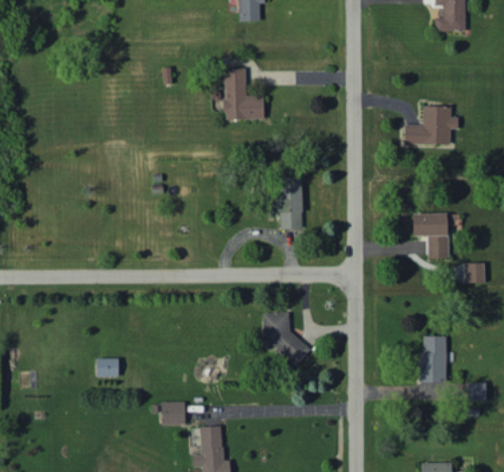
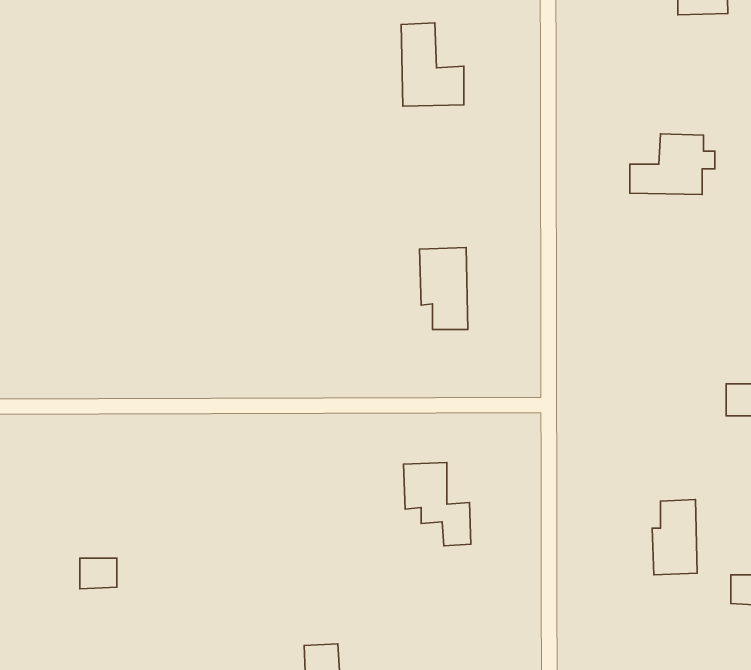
building: [224,67,264,120] -> [401,23,464,106]
building: [412,212,449,260] -> none
building: [96,358,119,377] -> [80,558,117,589]
building: [162,402,185,425] -> none

